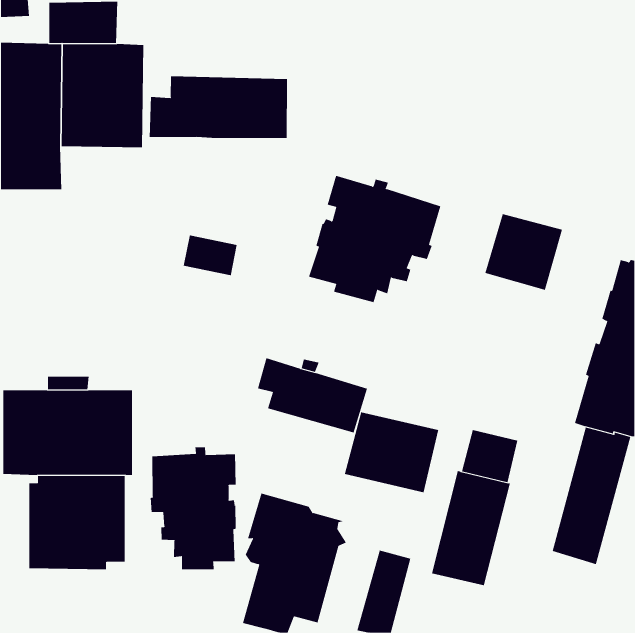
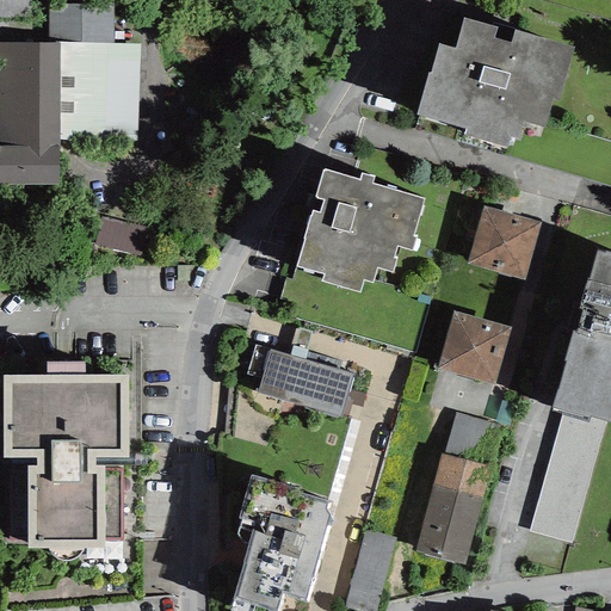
building: none -> [415,17,574,147]
building: [149,75,287,139] -> none
building: [183,235,238,276] -> [95,217,148,257]
building: none -> [434,310,511,383]
building: [344,412,439,493] -> none
building: [150,446,236,570] -> none

